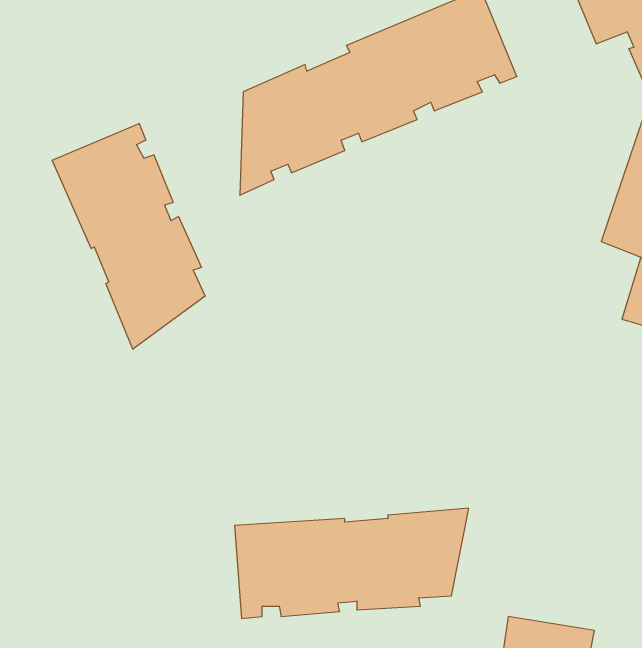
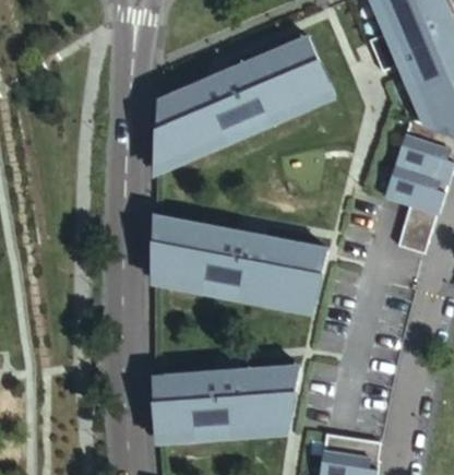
building: [52,123,205,349] -> none
building: none -> [152,215,327,307]

